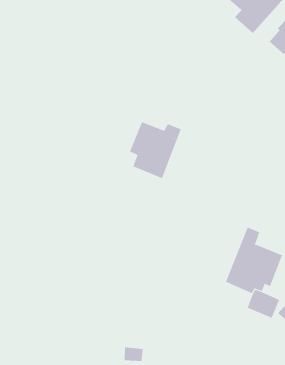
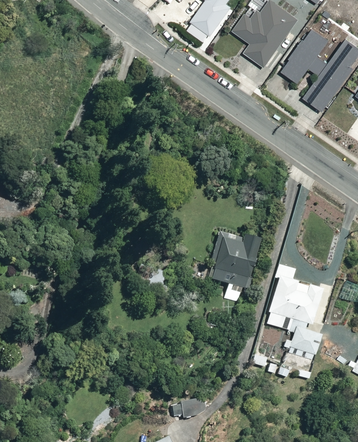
building: [129,122,182,179] -> [206,231,257,288]

